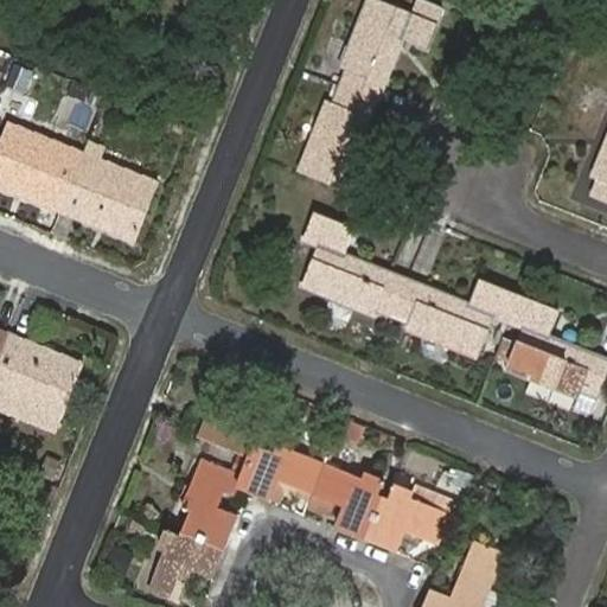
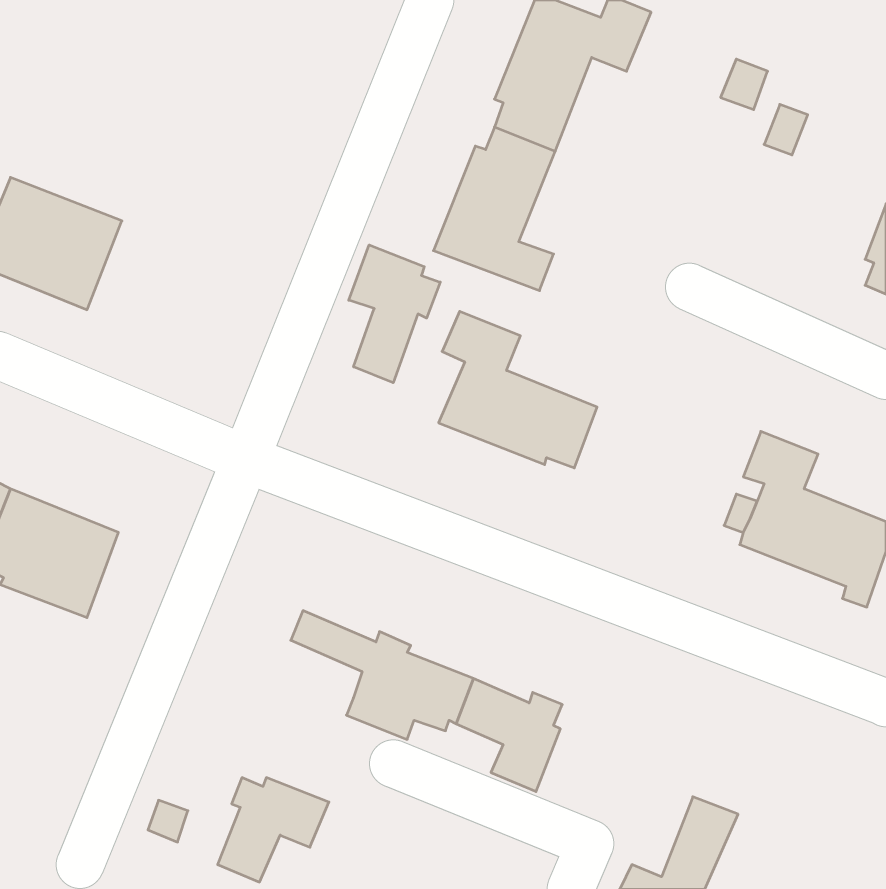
building: [59,139,158,241] -> none
building: none -> [349,245,440,383]
building: [391,277,518,359] -> none
building: [181,460,241,547] -> none
building: [365,485,448,551] -> none

